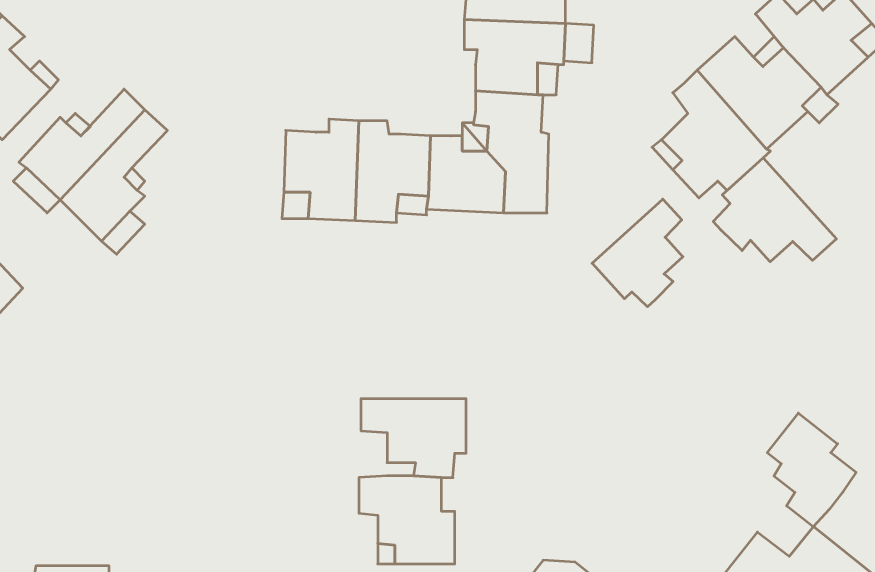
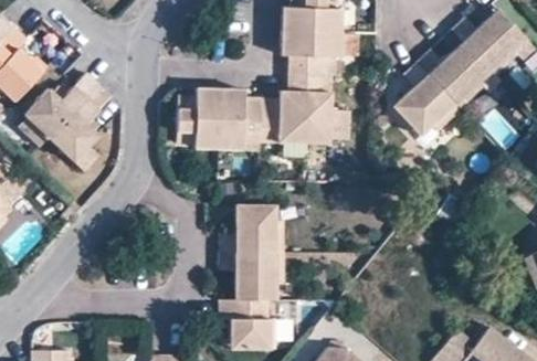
building: [713,158,836,262] -> none
building: [592,199,683,307] -> none
building: none -> [221,205,284,253]
building: [767,413,856,527] -> none

